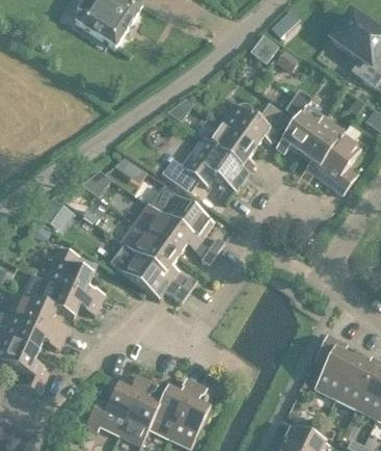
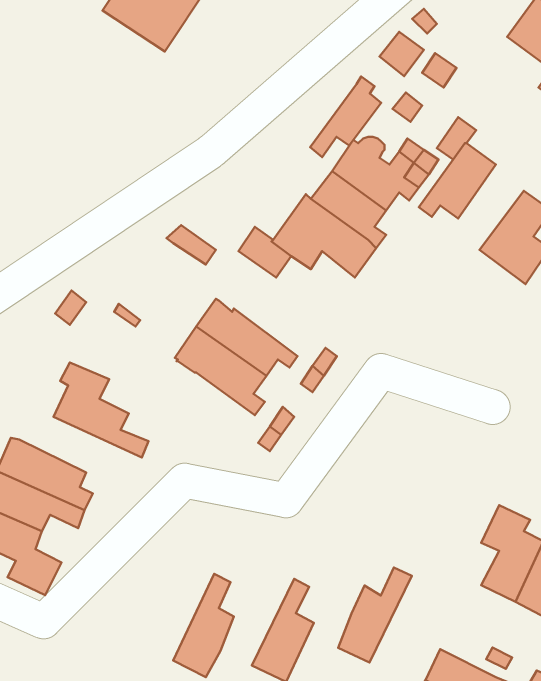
building: none -> [310,77,381,157]
building: [300,120,344,174] -> none
building: [148,187,212,241] -> none
building: [109,244,171,297] -> none
building: [22,274,100,318] -> none
building: [85,374,145,434] -> none
building: [149,377,196,437] -> [338,568,412,662]

